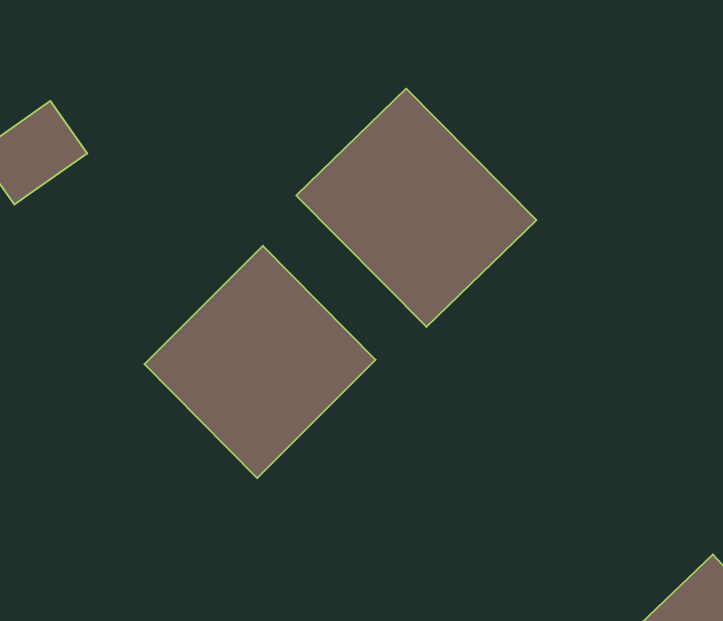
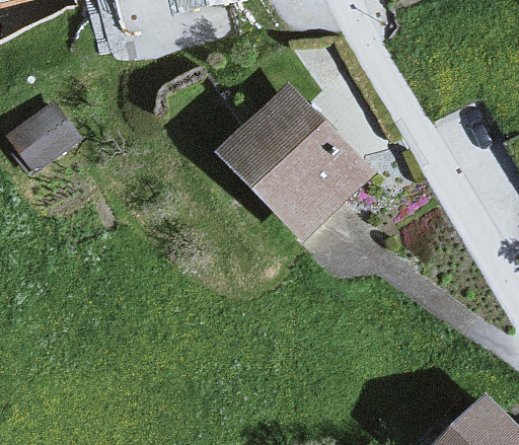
building: [144,246,376,478] -> none

